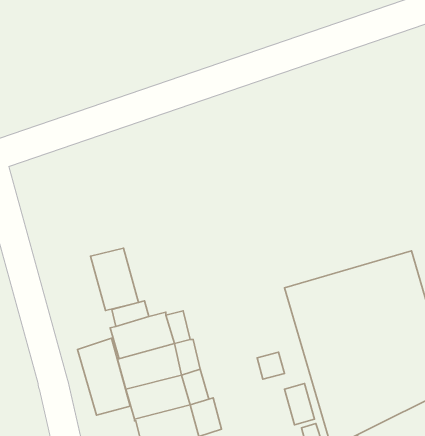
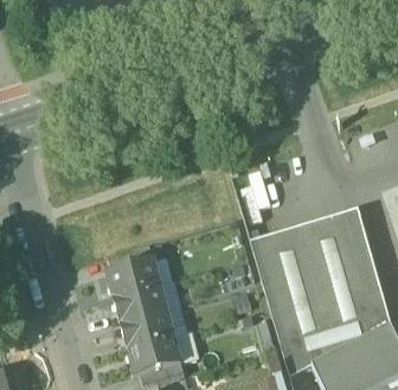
building: [91,248,138,311] -> none
building: [77,338,130,415] -> none

